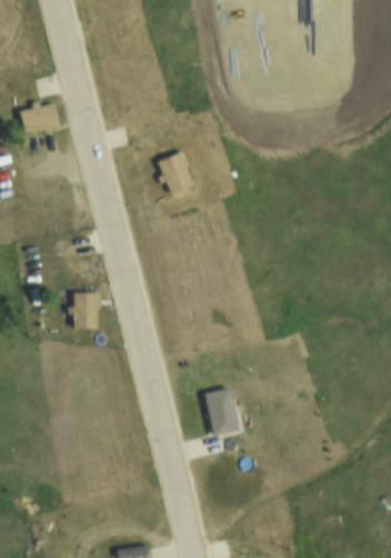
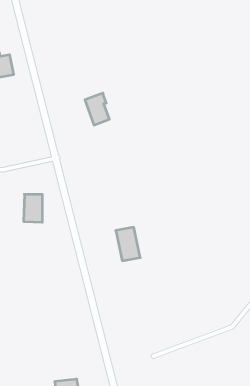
building: [204,389,238,435] -> [116,227,140,261]

